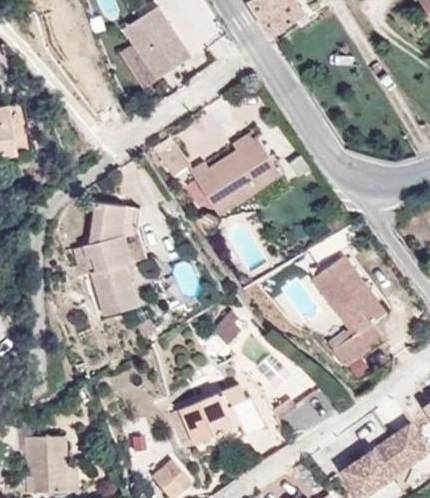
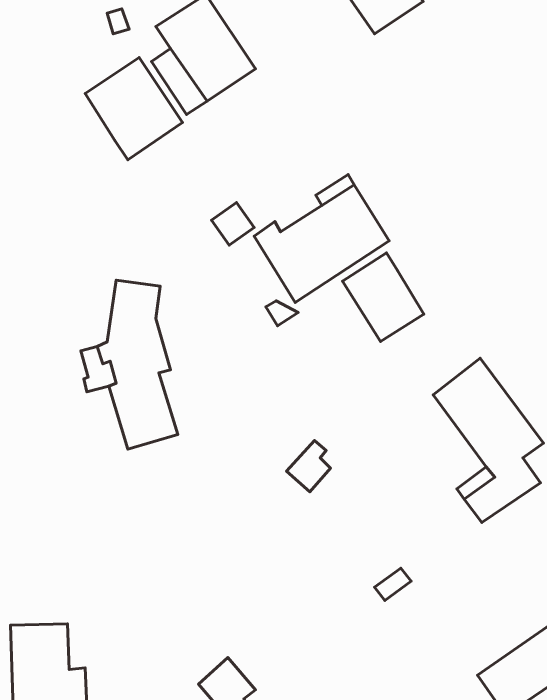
building: none -> [85,58,182,160]
building: none -> [342,253,424,341]
building: [123,205,147,262] -> none
building: [169,383,247,448] -> none

